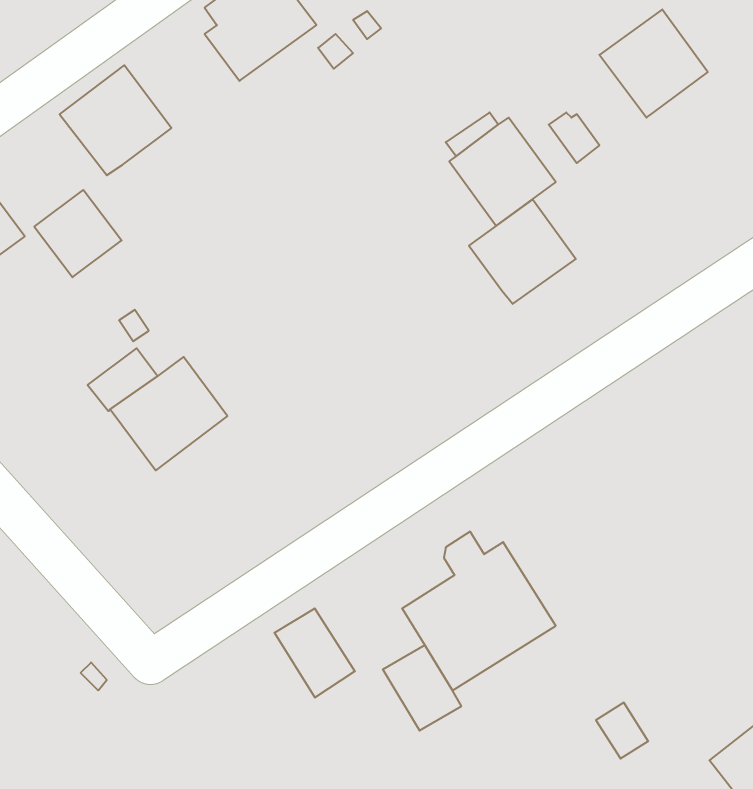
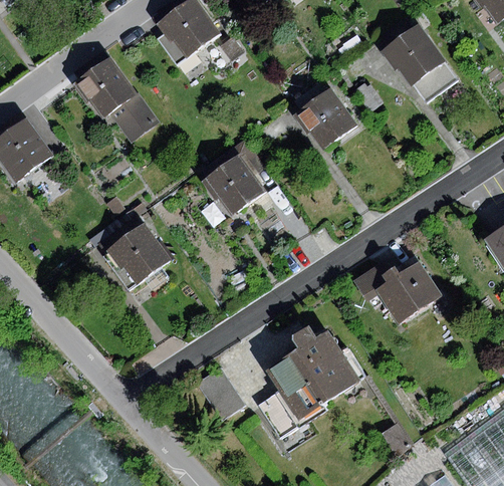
building: none -> [415,59,460,100]
building: [34,190,122,277] -> [109,91,160,142]
building: [469,199,576,304] -> none
building: none -> [205,154,265,214]
building: none -> [355,251,444,324]

